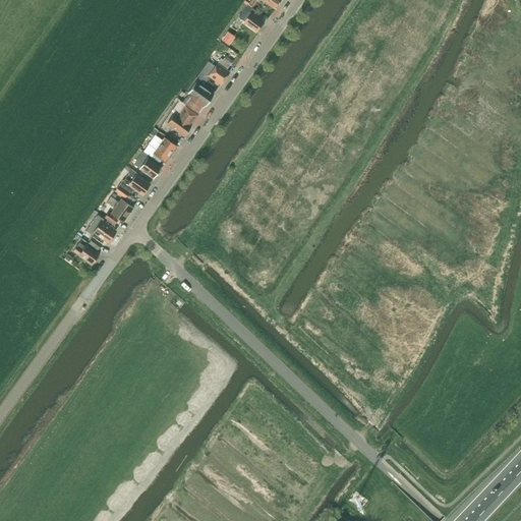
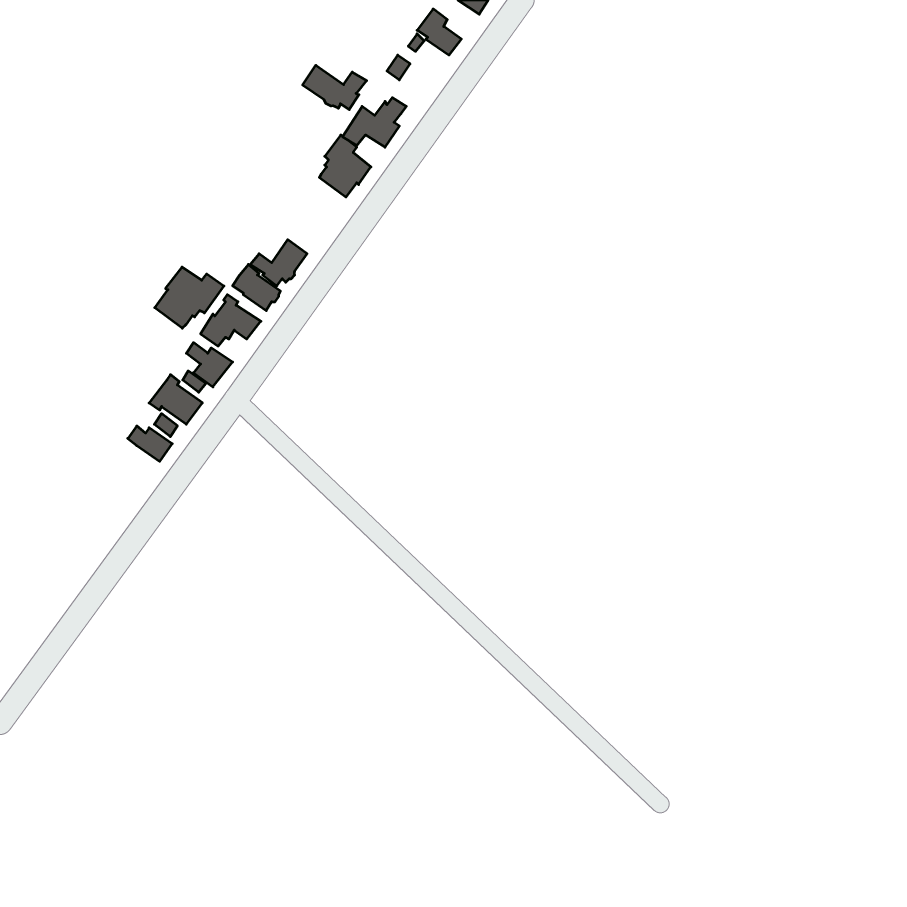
building: none -> [303,65,367,110]
building: [167,106,197,136] -> none
building: none -> [155,267,224,328]

